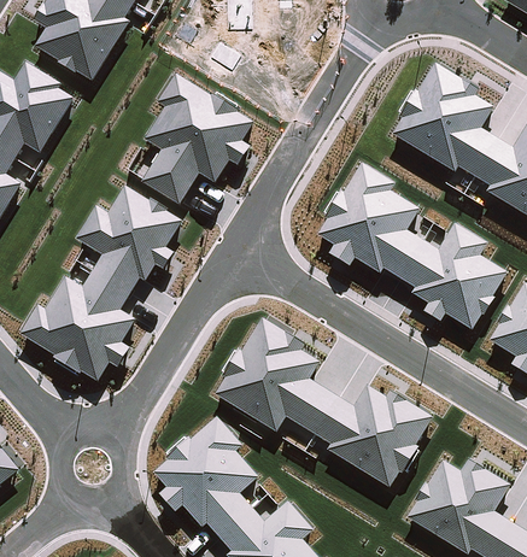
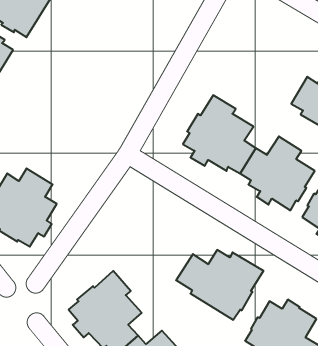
building: [391,64,496,176] -> none
building: [142,74,252,204] -> none
building: [76,186,181,292] -> none
building: [215,318,332,430] -> none

